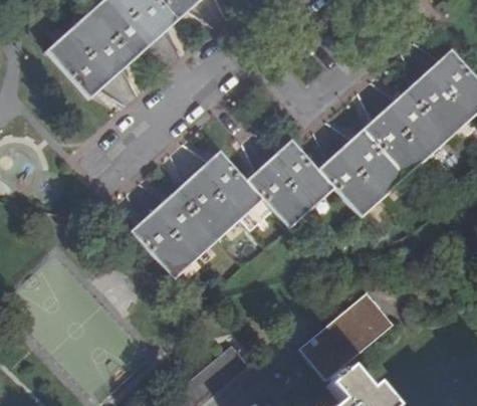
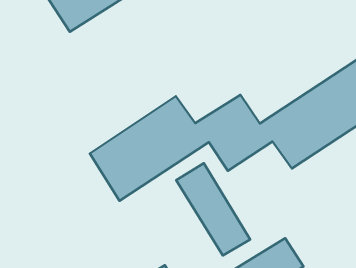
building: none -> [176,163,250,256]

